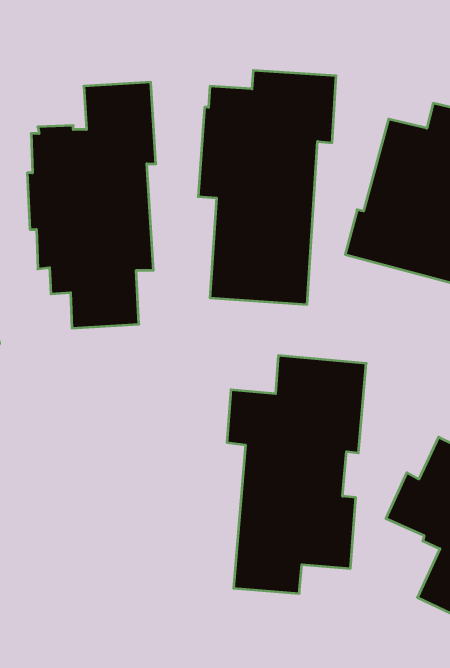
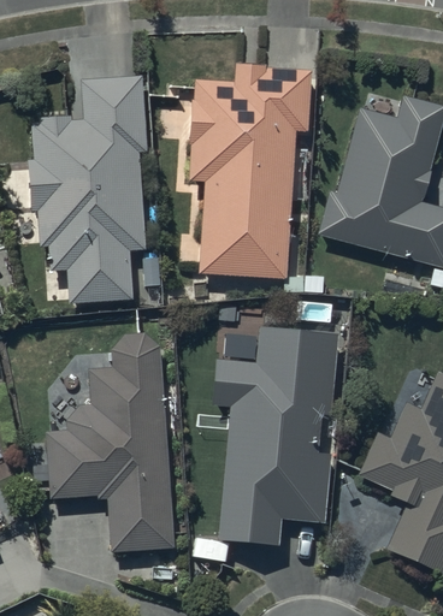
building: none -> [47,333,171,550]

